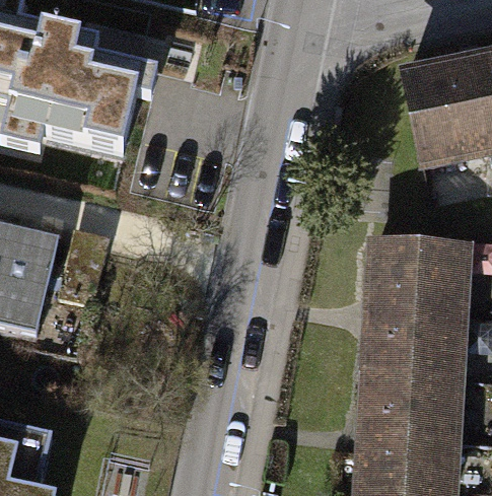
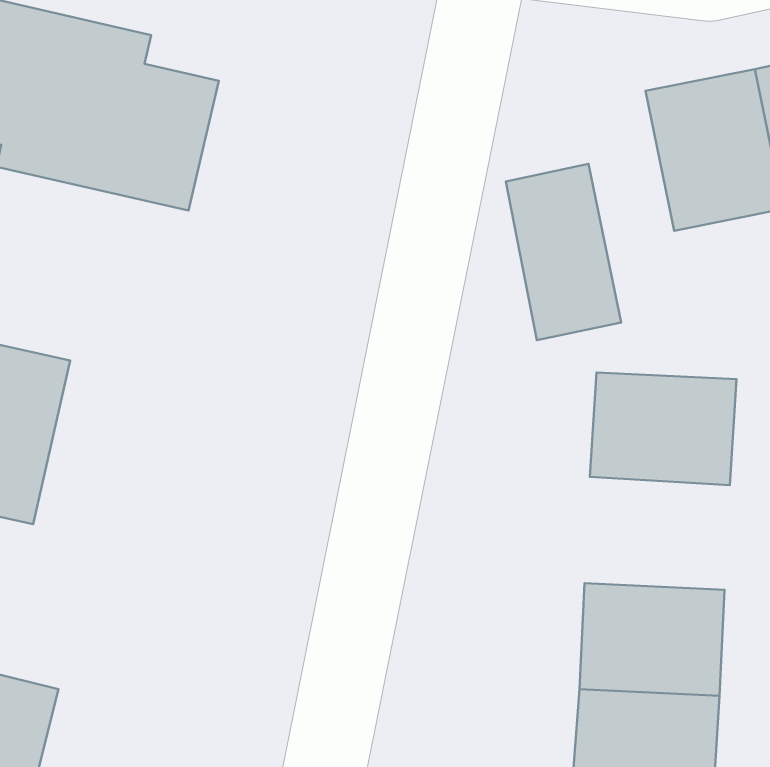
building: none -> [506,164,621,340]
building: [362,310,449,378] -> none

